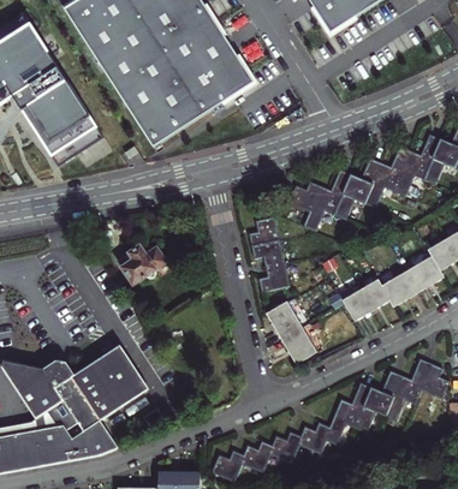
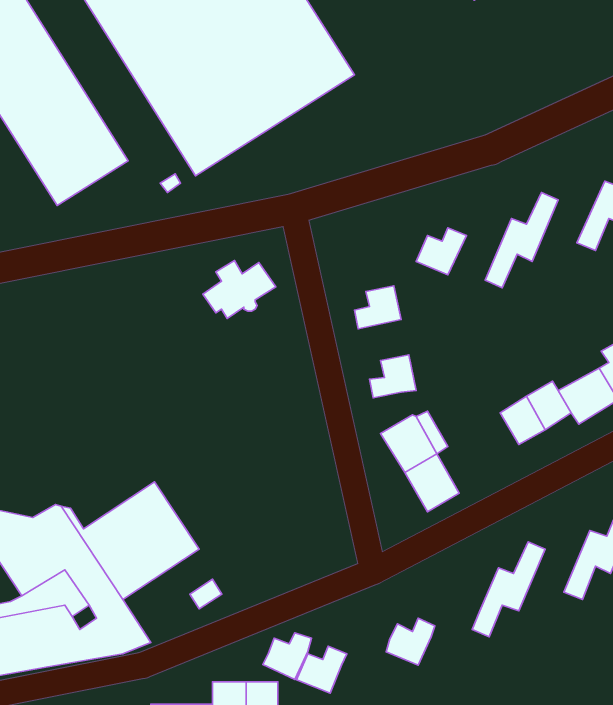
building: [363,147,410,208] -> none
building: [303,169,350,231] -> none
building: [251,240,284,267] -> none
building: [120,245,167,282] -> [203,261,276,319]
building: [355,371,400,433] -> none
building: [298,423,329,454] -> none
building: [240,442,272,472] -> [263,633,312,679]

